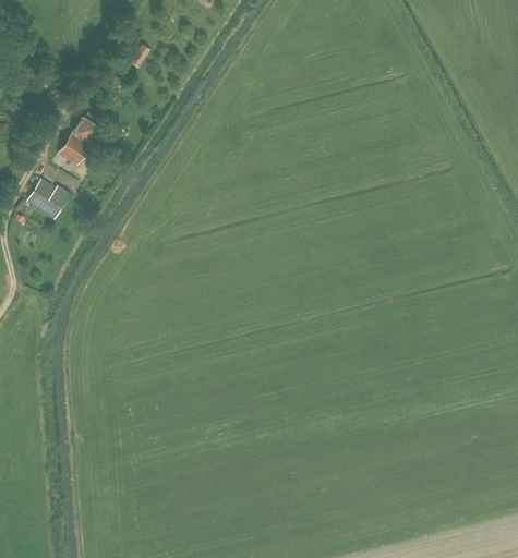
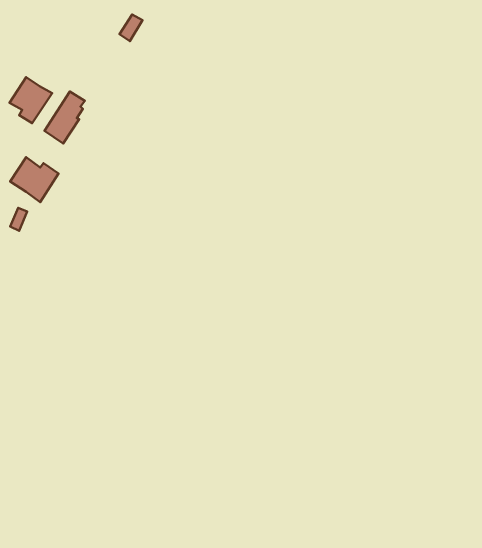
building: none -> [9,77,52,123]

